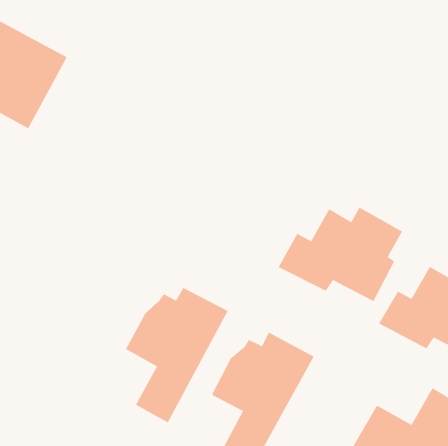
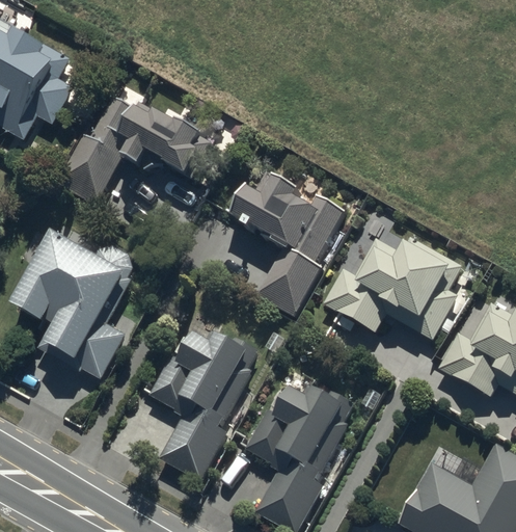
building: none -> [63,86,214,204]
building: none -> [235,170,349,315]
building: none -> [9,236,132,382]

